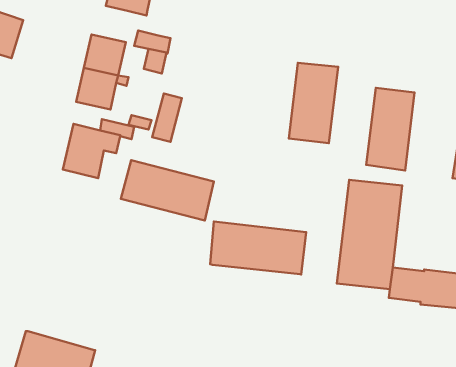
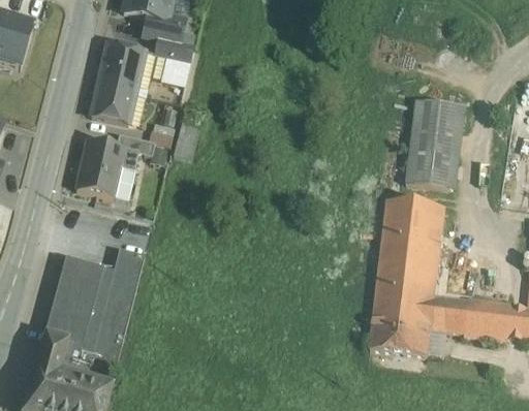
building: none -> [143,13,185,41]
building: [289,63,338,143] -> none
building: [121,160,214,221] -> none
building: [210,222,306,275] -> none
building: none -> [38,247,145,383]
building: none -> [370,311,432,353]

